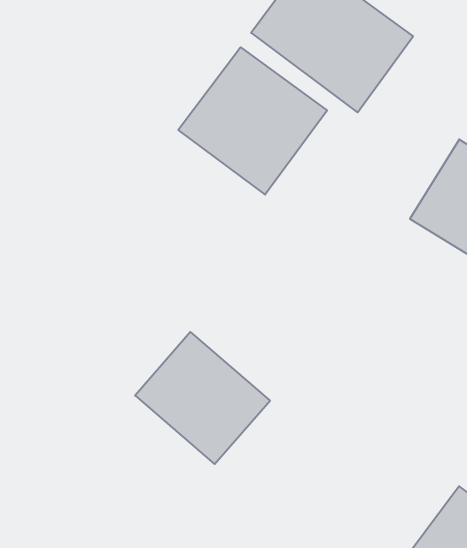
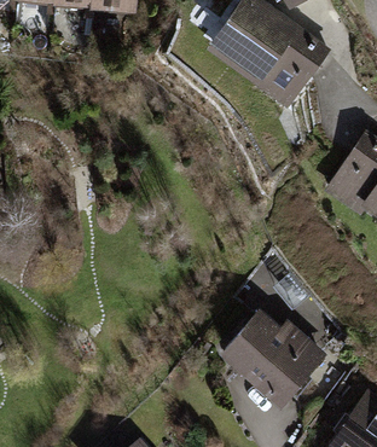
building: [178,47,327,195] -> none
building: [135,332,270,464] -> [222,301,325,401]

